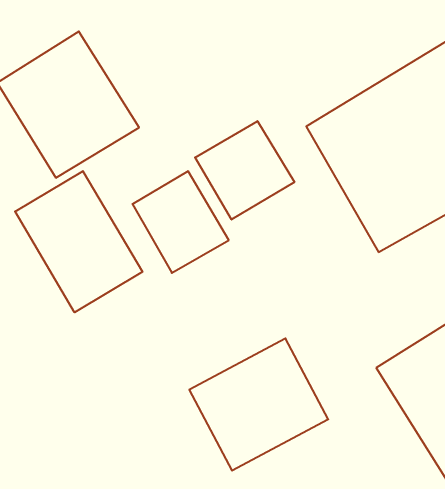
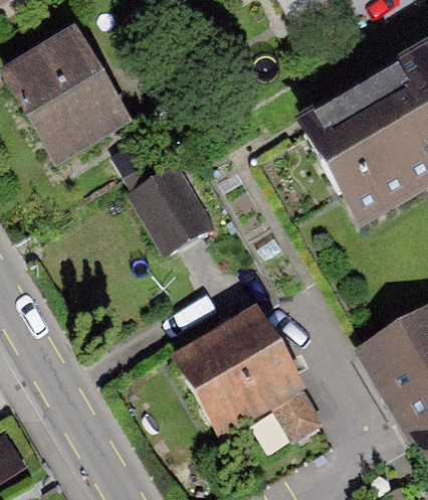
building: [195,121,294,220] -> none
building: [15,171,142,312] -> none

